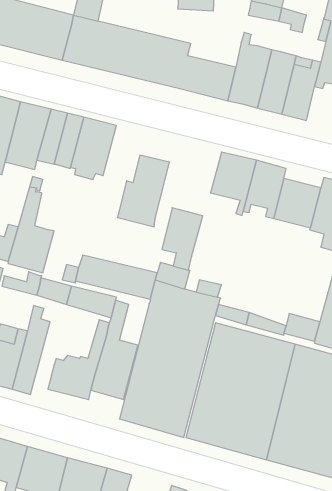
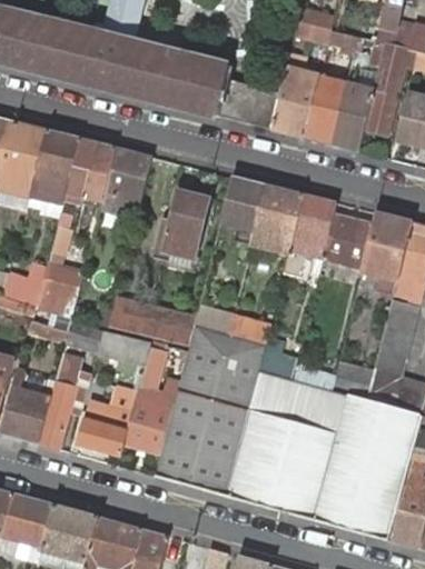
building: [162,208,203,270] -> [223,176,267,243]

